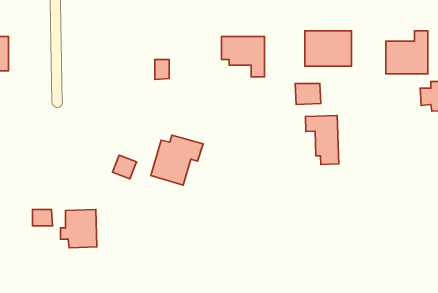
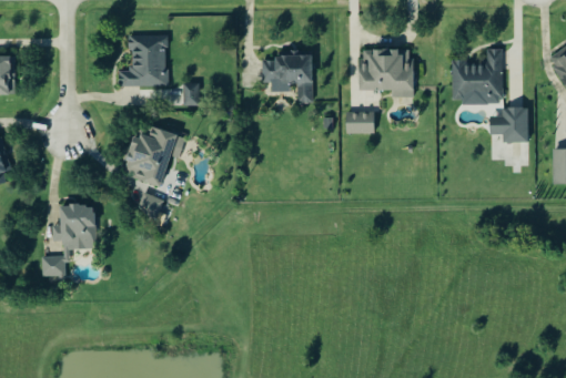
building: none -> [119,34,168,86]
building: [305,115,339,164] -> none
building: [151,135,203,185] -> [123,126,184,184]
building: [61,210,97,248] -> [53,205,95,249]

